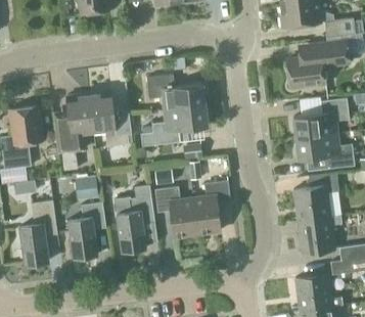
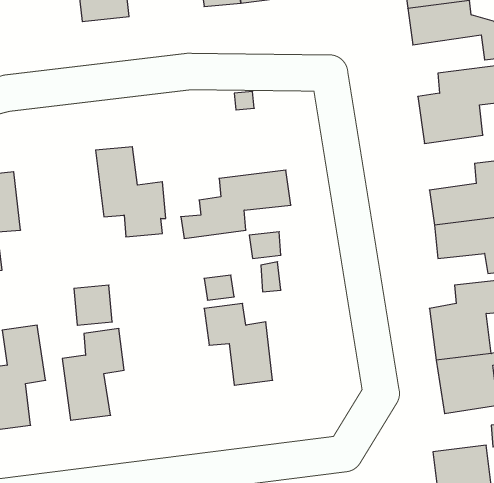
building: [146,75,204,110] -> none
building: [56,93,93,171] -> none
building: [192,181,230,234] -> none
building: [115,185,154,252] -> none

